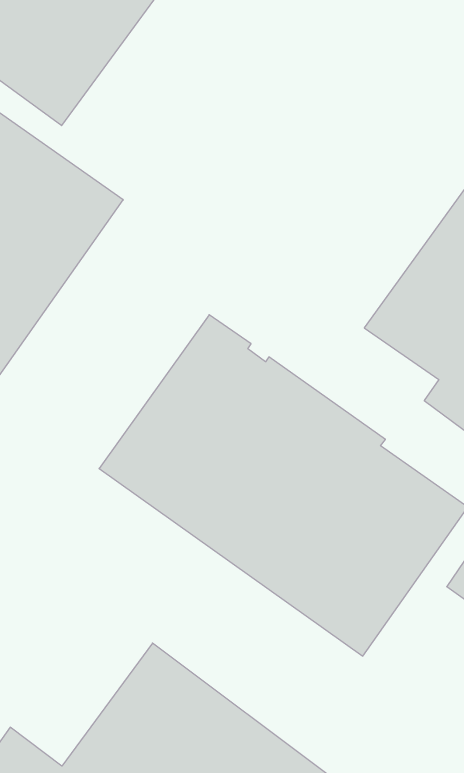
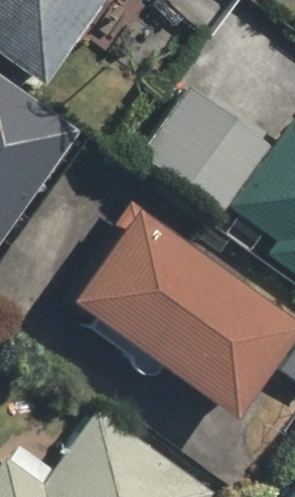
building: none -> [140,85,273,213]

